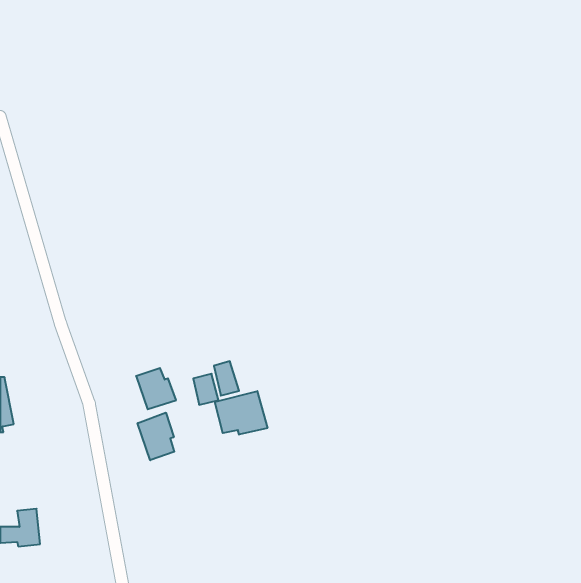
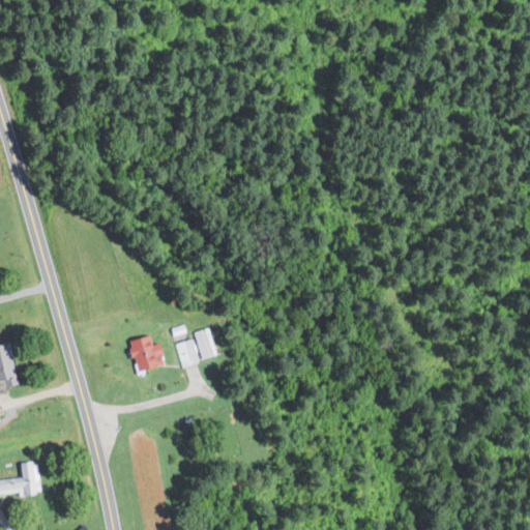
building: [215,391,267,435] -> none
building: [138,413,174,460] -> none

